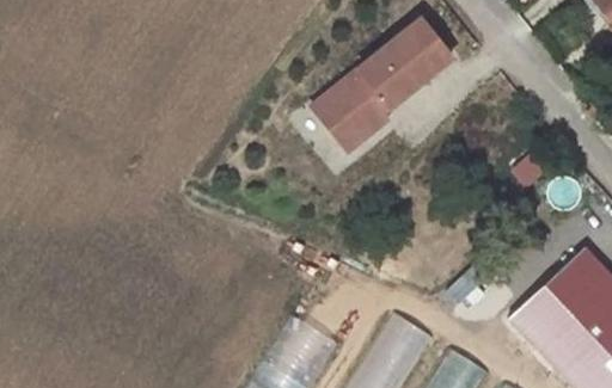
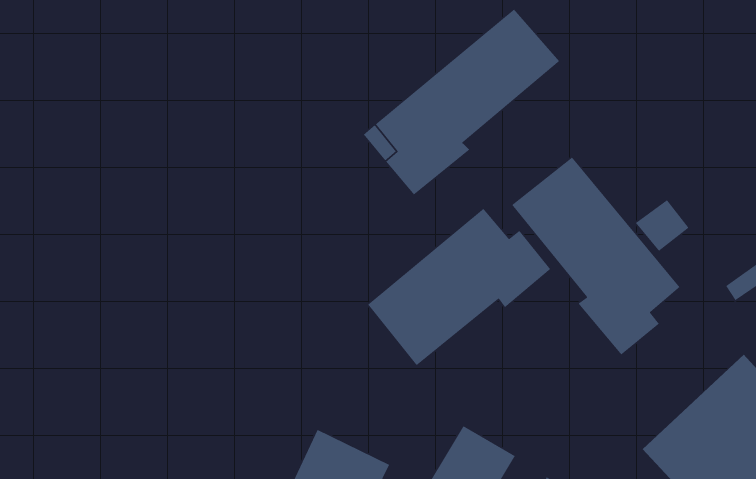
building: none -> [511,156,681,355]
building: none -> [367,208,551,366]

